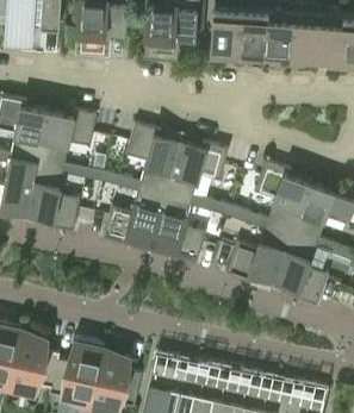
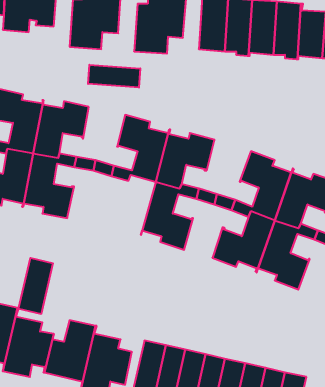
building: none -> [88,65,140,88]
building: [103,186,166,249] -> none
building: none -> [19,258,53,314]

